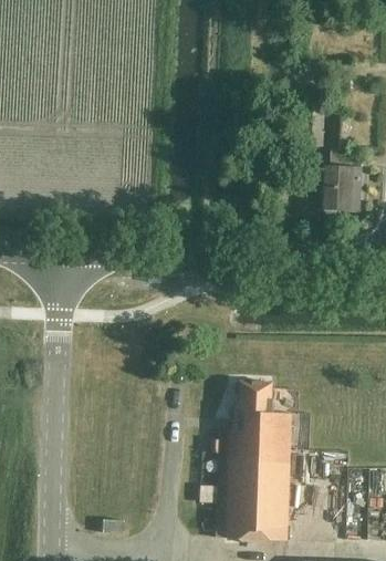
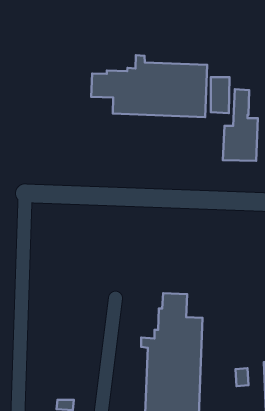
building: none -> [91,55,207,117]

